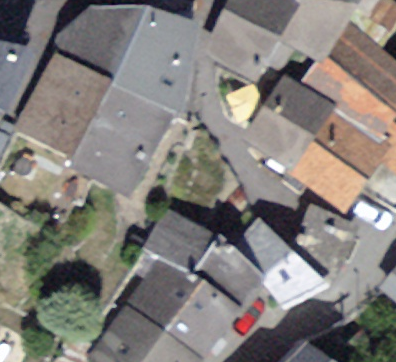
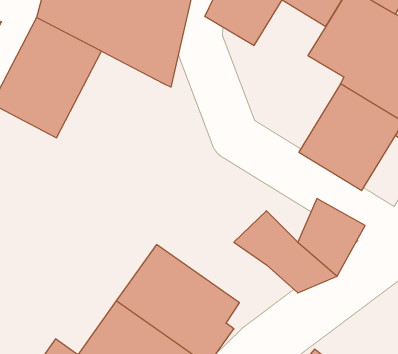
building: [248,77,331,165] -> none
building: [73,82,171,192] -> none
building: [149,209,262,306] -> none

